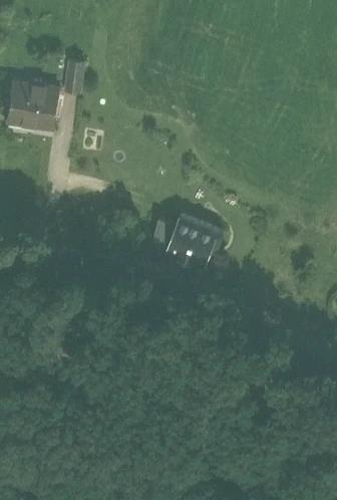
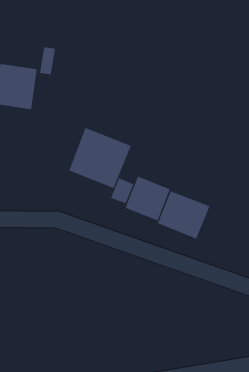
building: none -> [69,127,132,189]
building: none -> [157,191,210,240]

